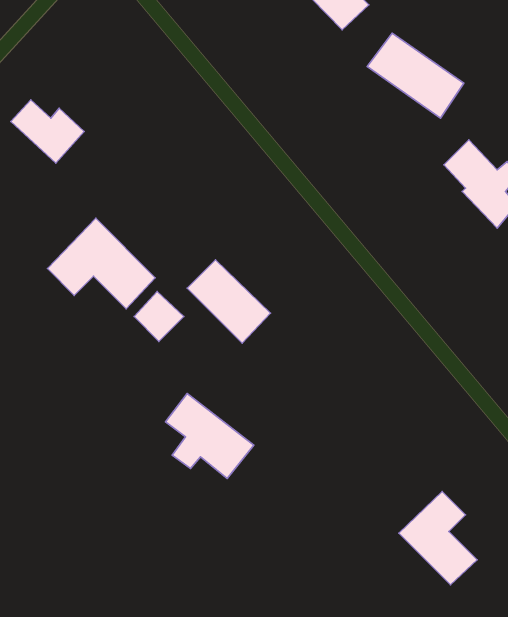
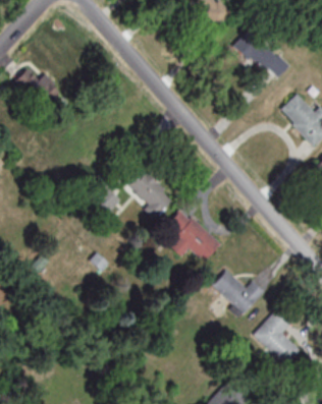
building: [47,218,155,309] -> none
building: [166,393,254,478] -> [167,210,221,262]
building: none -> [213,270,265,313]

